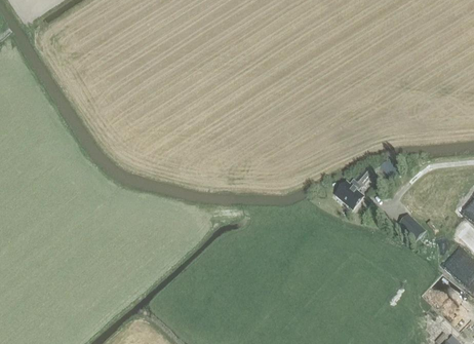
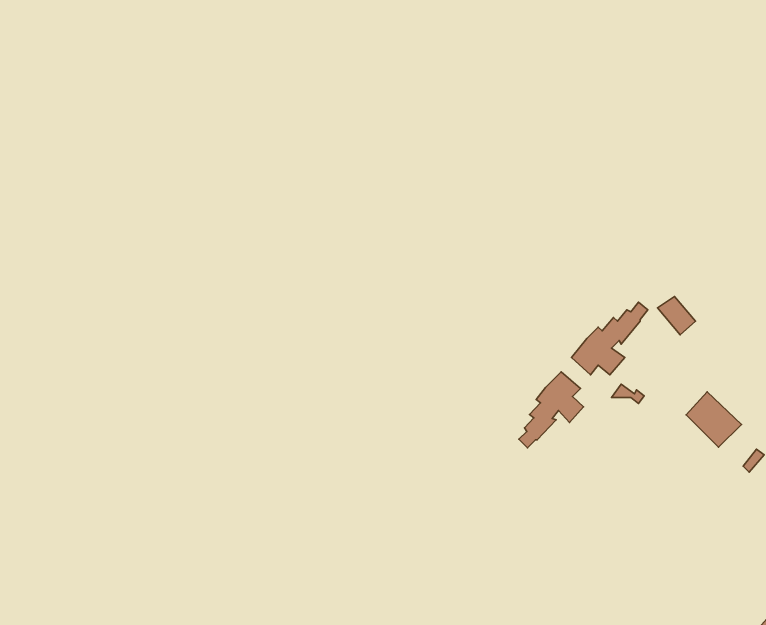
building: none -> [519,372,583,448]

